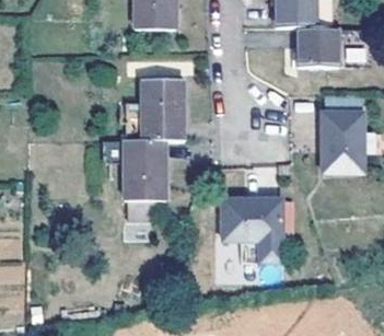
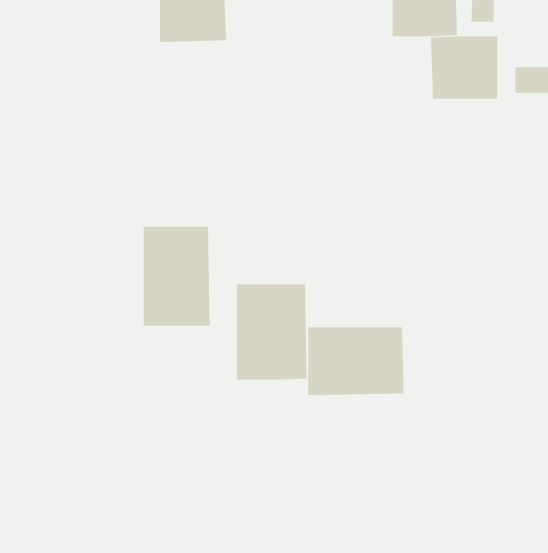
building: [141,81,184,139] -> [236,284,308,381]
building: [323,111,362,169] -> none

